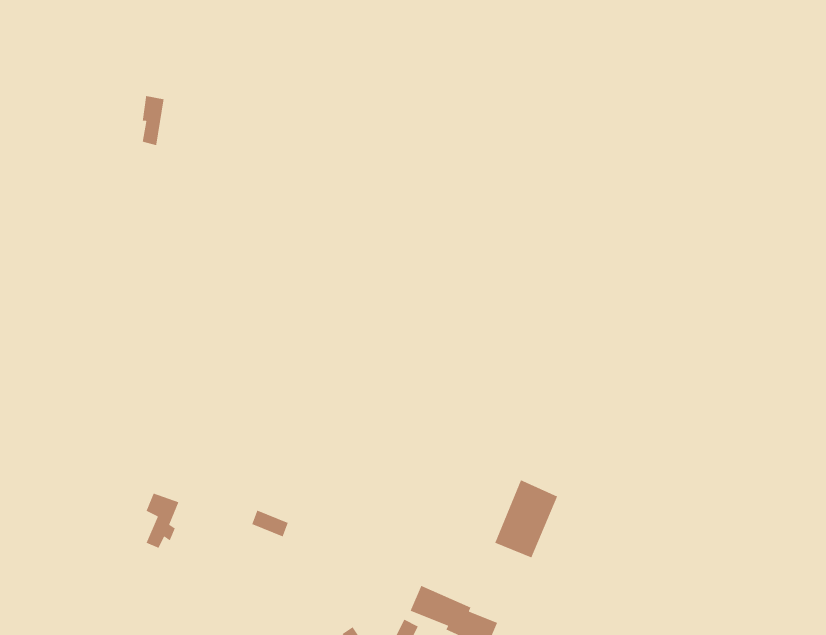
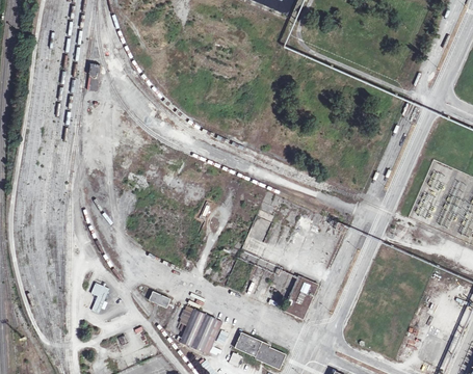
building: none -> [178,311,214,354]

